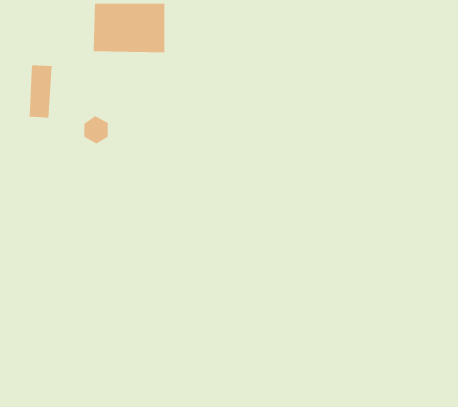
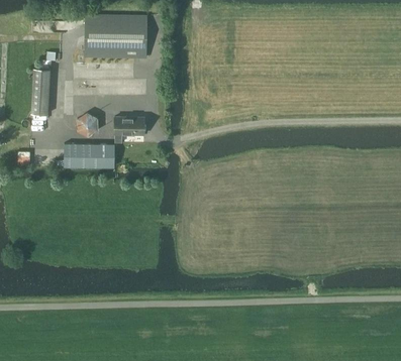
building: none -> [114,117,144,134]
building: none -> [56,144,114,167]

